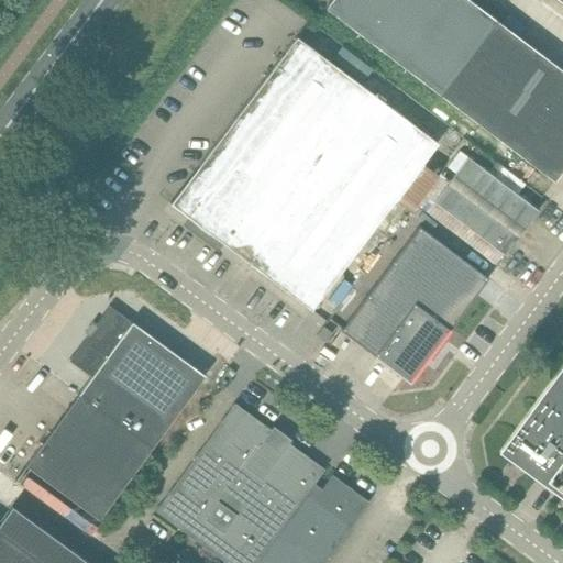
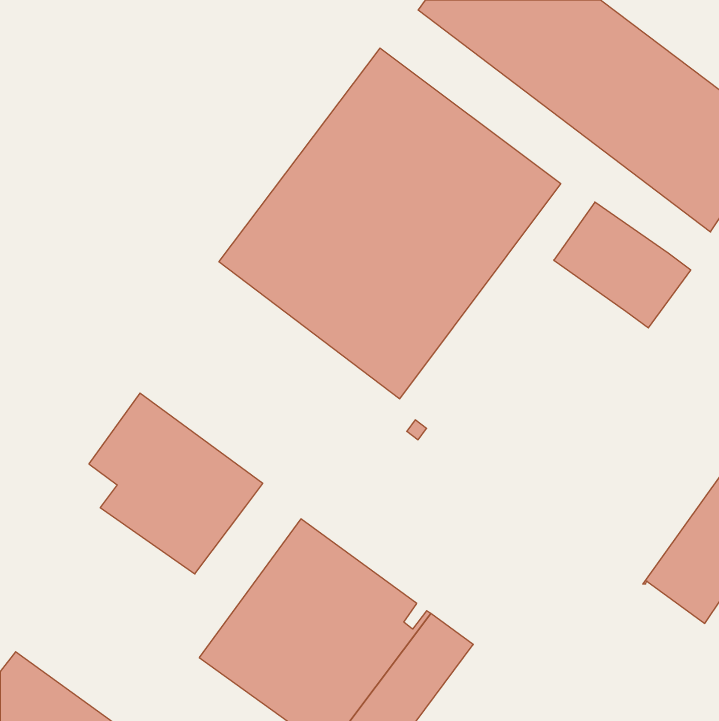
building: [344,229,488,383] -> none
building: [29,396,154,520] -> none

